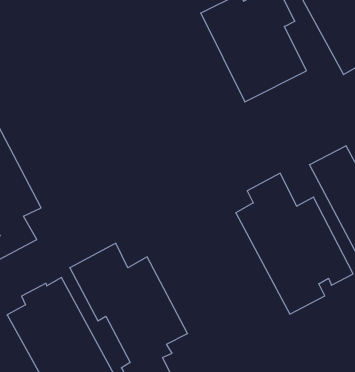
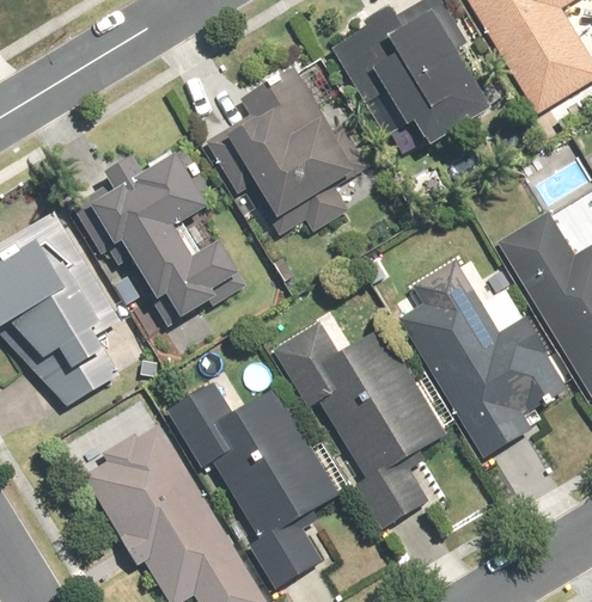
building: none -> [202,64,358,239]
building: none -> [85,148,246,320]
building: none -> [270,309,452,528]

